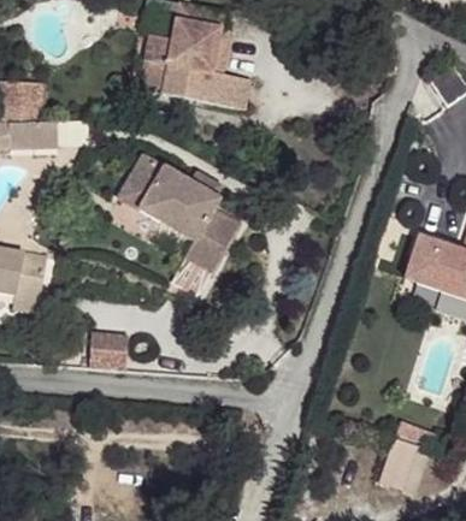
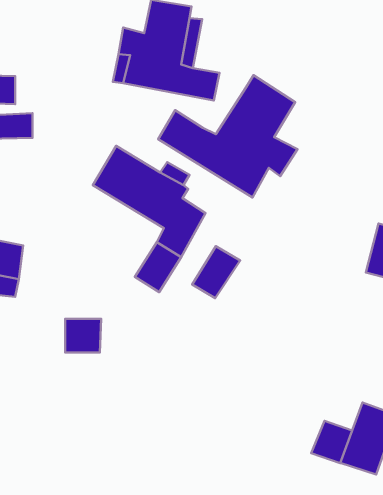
building: none -> [158,75,298,198]
building: none -> [192,246,240,298]
building: none -> [311,421,352,463]

